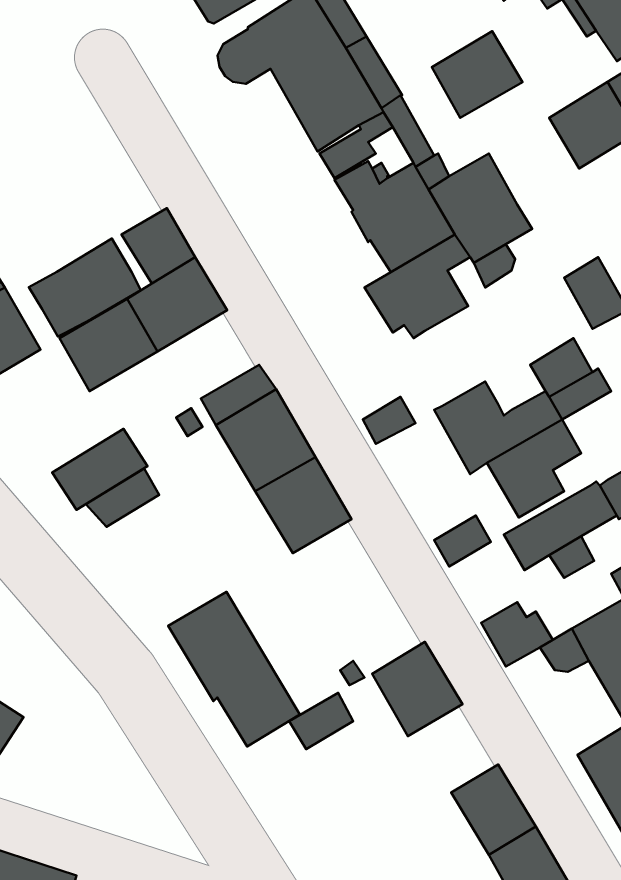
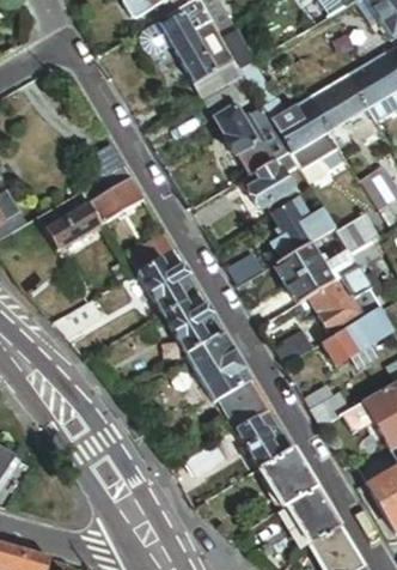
building: [432,31,522,118] -> [311,77,368,132]
building: [29,239,141,337] -> none
building: none -> [270,189,334,260]
building: [52,429,148,510] -> none
building: [168,592,300,747] -> [187,332,270,430]
building: none -> [259,449,317,508]

